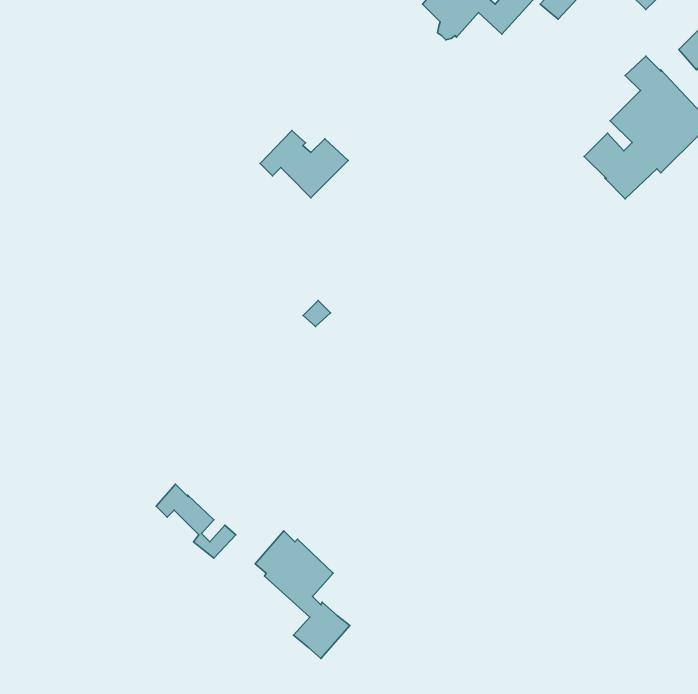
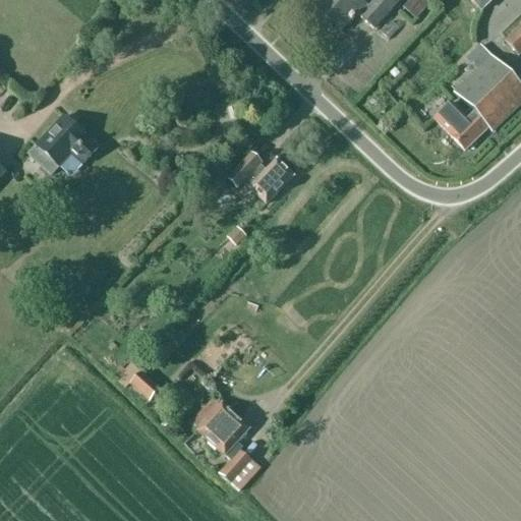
building: [260,130,348,198] -> [229,151,294,200]
building: none -> [30,113,99,172]

